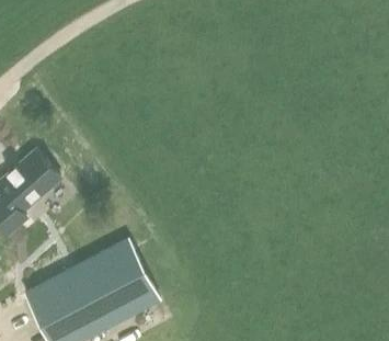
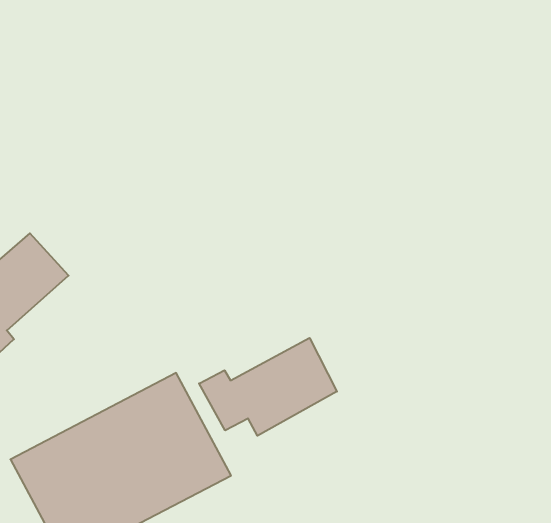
building: none -> [199,338,337,436]

